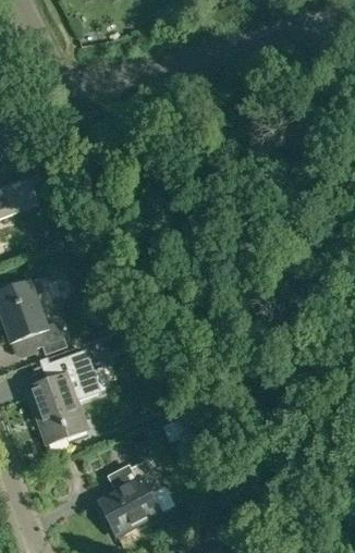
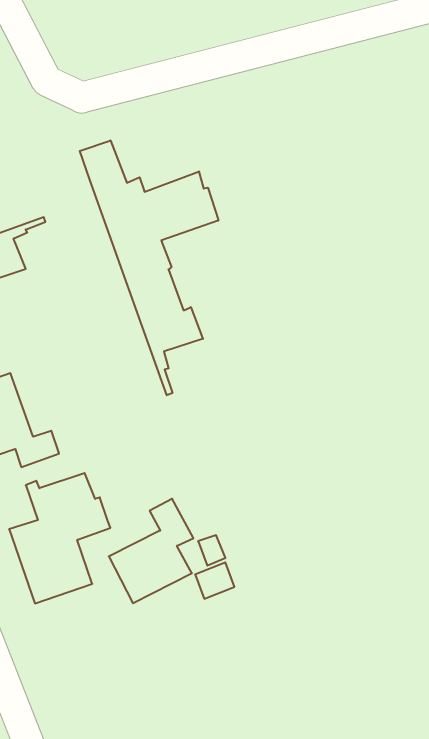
building: none -> [80,140,218,395]
building: [100,460,161,536] -> [109,499,193,603]

